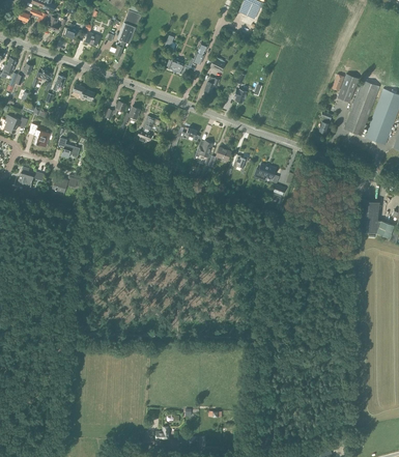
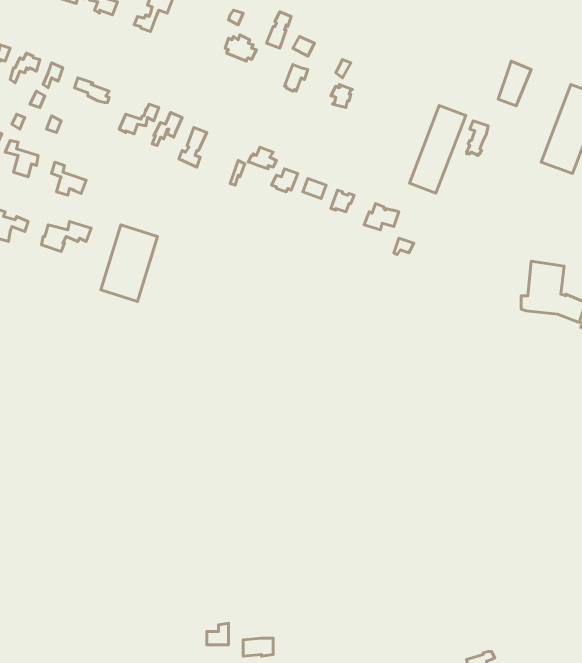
building: [344,80,379,135] -> [409,105,466,193]
building: none -> [101,225,157,301]

